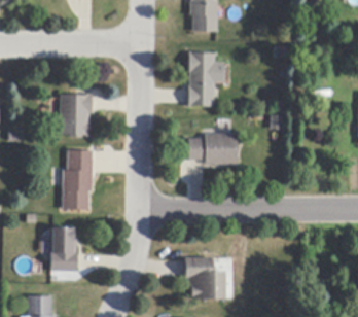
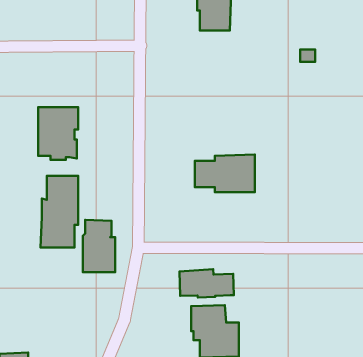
building: [188,51,224,106] -> none
building: none -> [179,269,234,297]
building: [50,227,77,271] -> [83,220,115,272]

